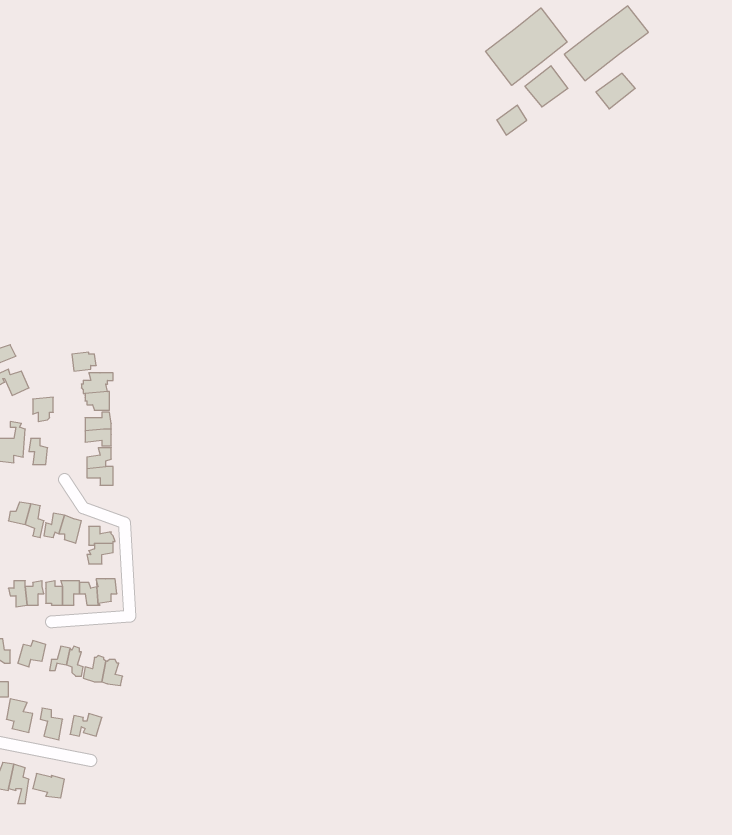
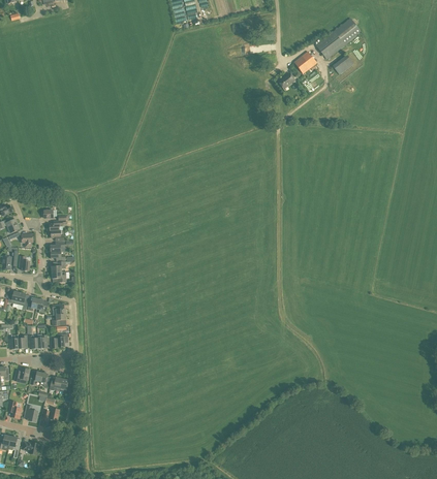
building: [486,8,567,85] -> none

